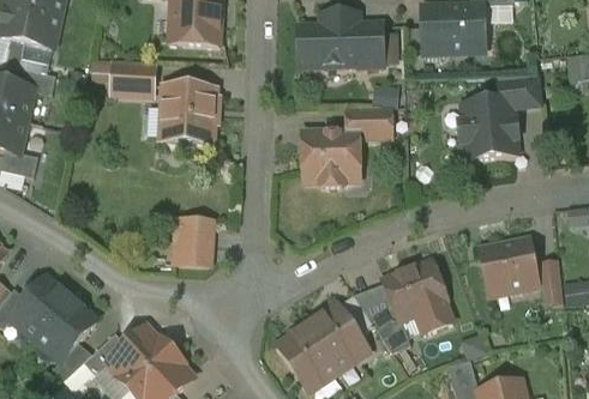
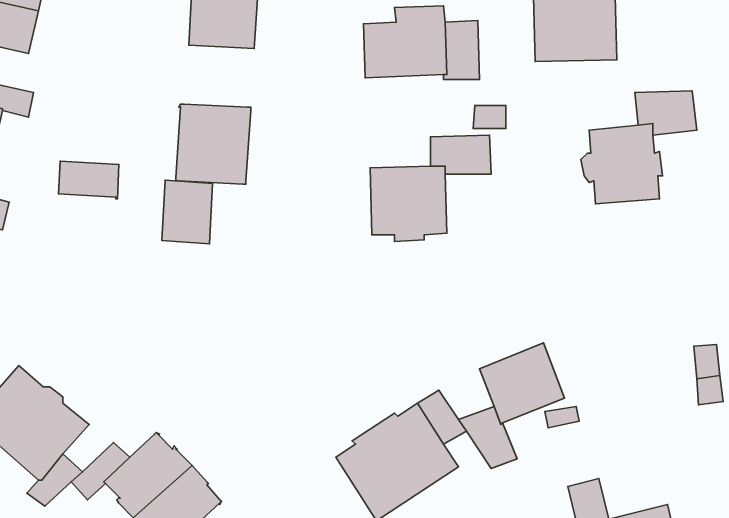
building: [110,60,155,87] -> [59,161,119,199]
building: [173,219,210,266] -> [162,180,213,244]
building: [480,240,537,295] -> none

